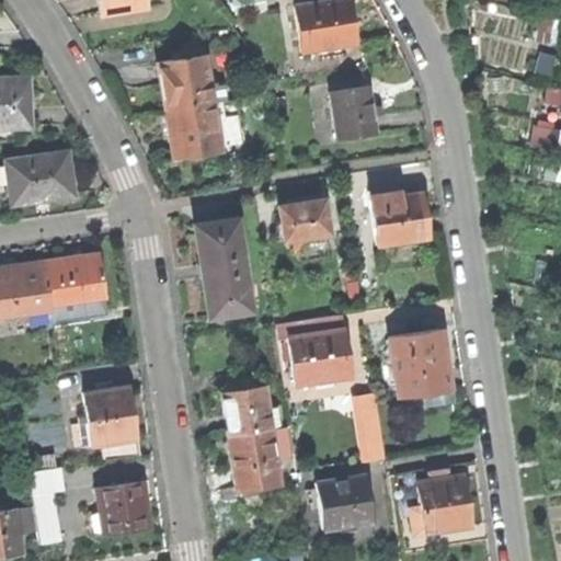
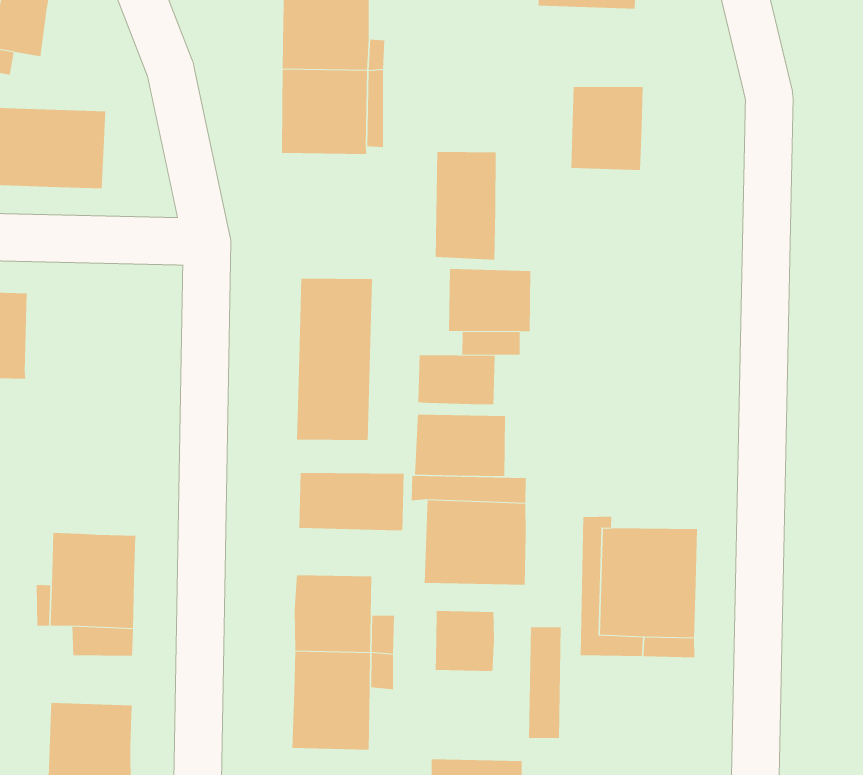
building: none -> [435,151,496,261]
building: [370,187,430,244] -> none
building: none -> [418,354,495,405]
building: [46,253,106,305] -> none
building: none -> [415,414,506,477]
building: none -> [299,472,404,531]
building: none -> [435,610,494,672]

